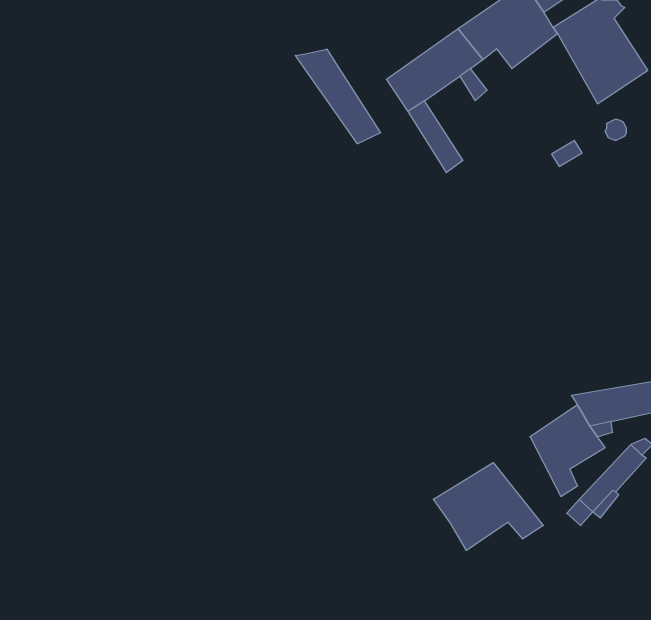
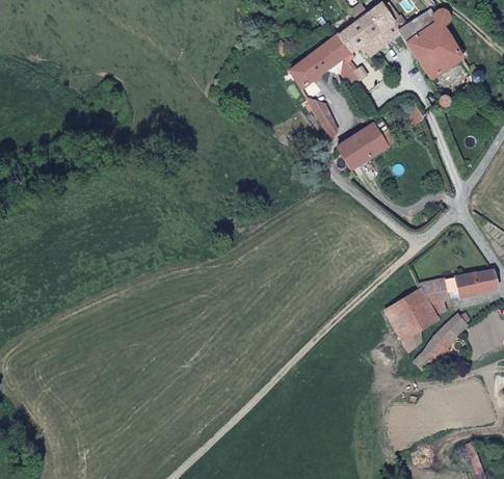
building: [295,49,381,144] -> none
building: none -> [335,122,390,170]
building: [433,463,543,550] -> none

